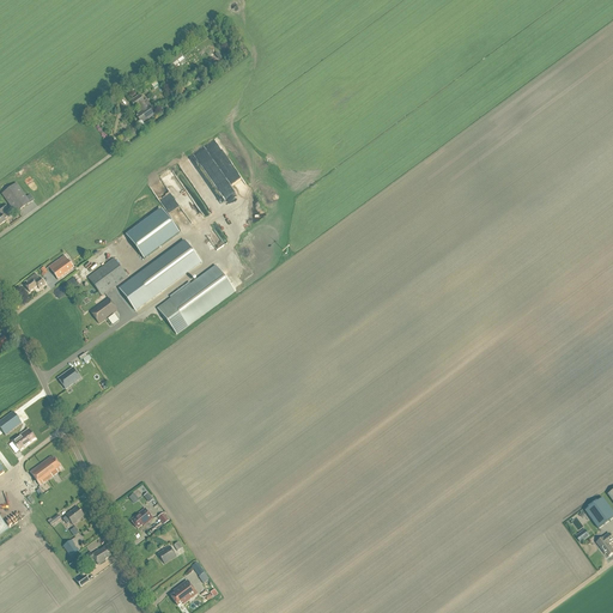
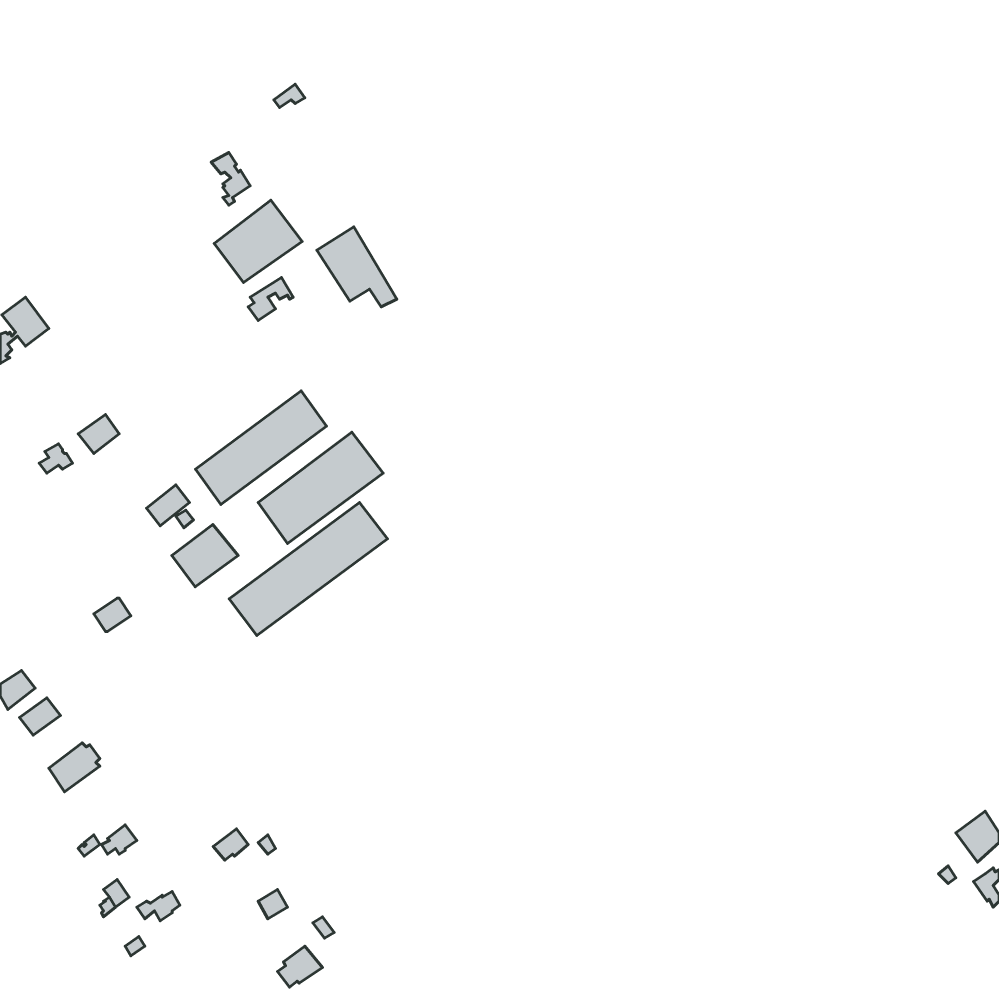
building: [126,207,180,257] -> [214,200,302,282]
building: [87,256,128,295] -> [172,524,238,587]
building: none -> [229,502,387,635]

